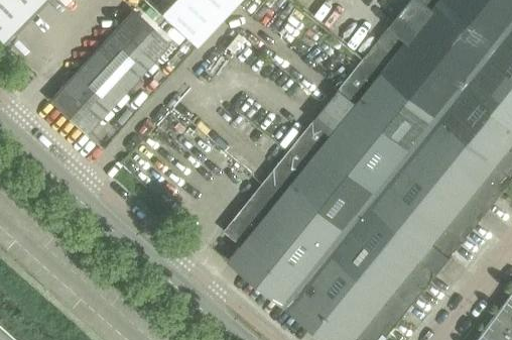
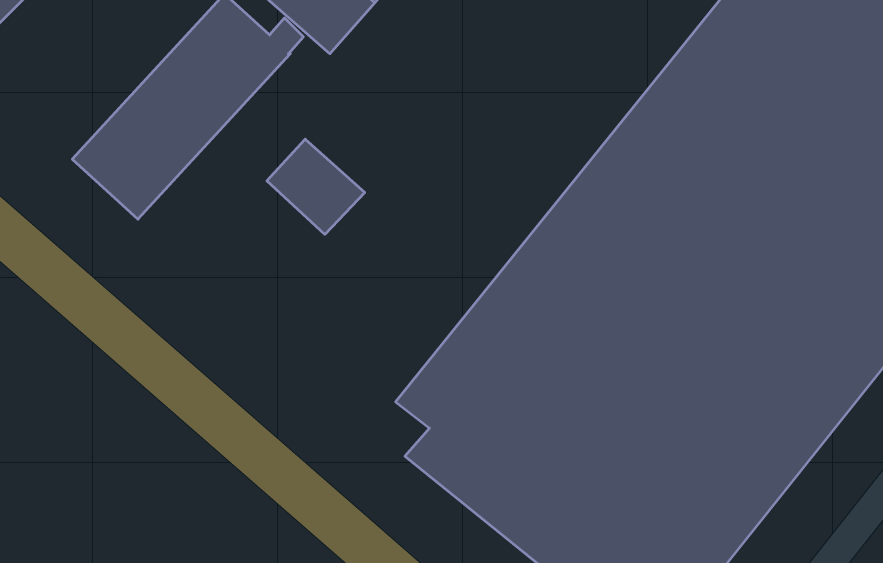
building: none -> [267,139,365,234]

